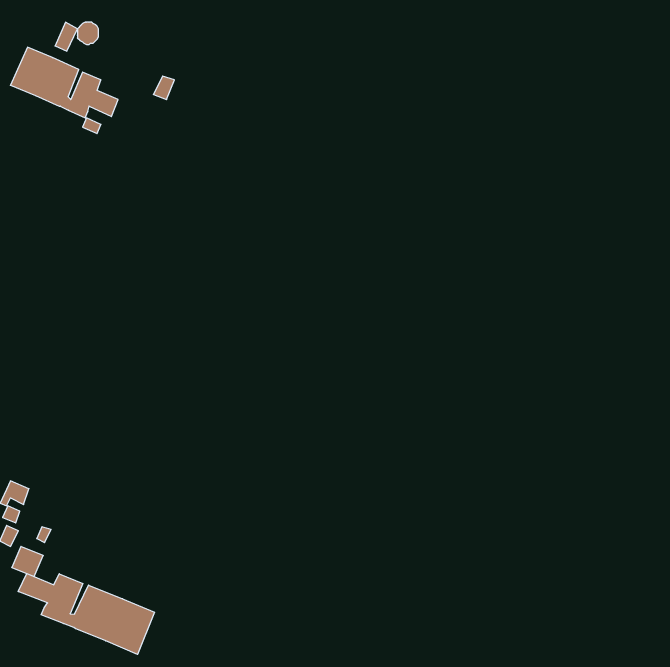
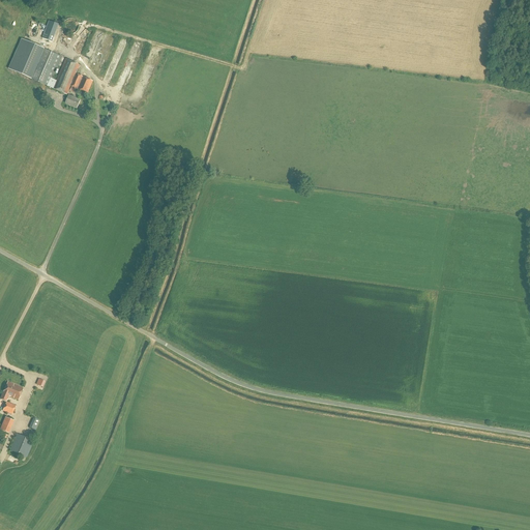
building: [18,574,154,654] -> none

